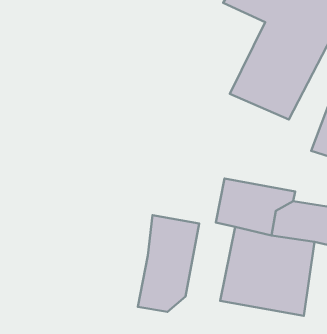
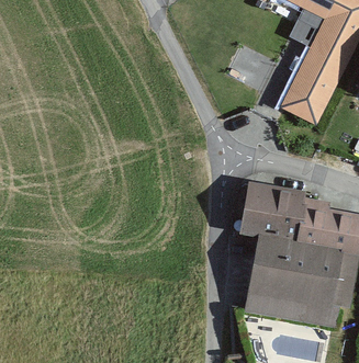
building: [138,215,199,312] -> none

